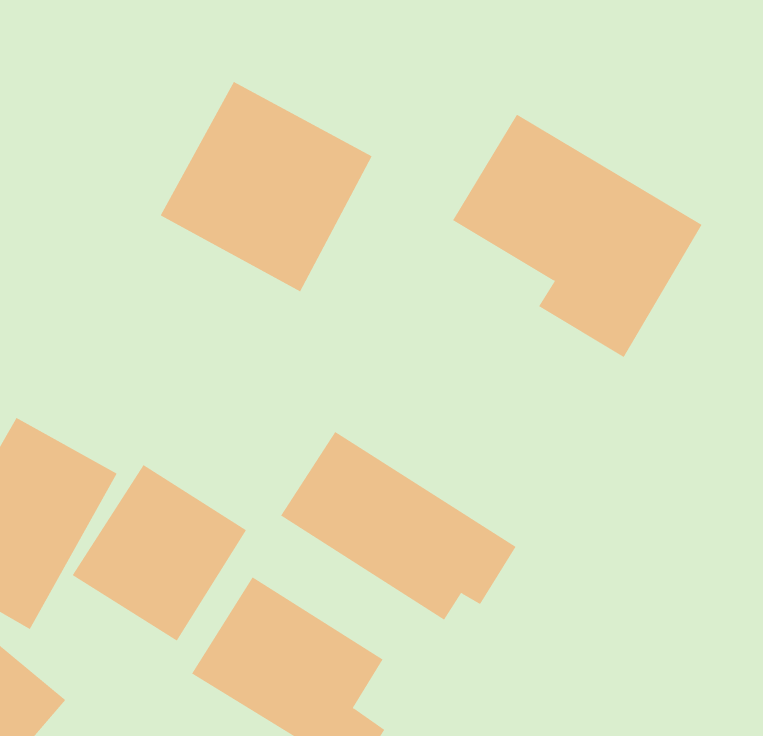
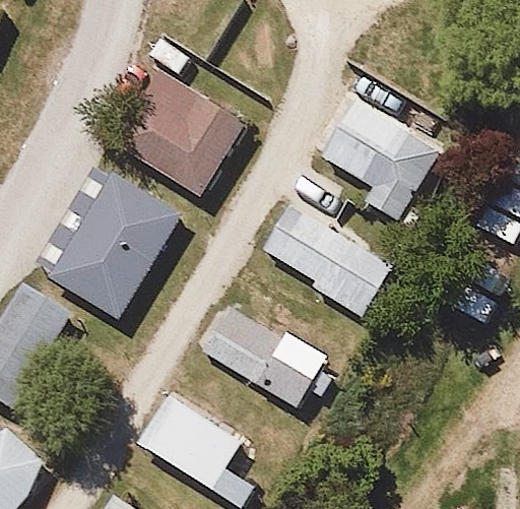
building: none -> [50,173,179,317]
building: none -> [256,199,394,327]
building: [72,464,247,641] -> none

